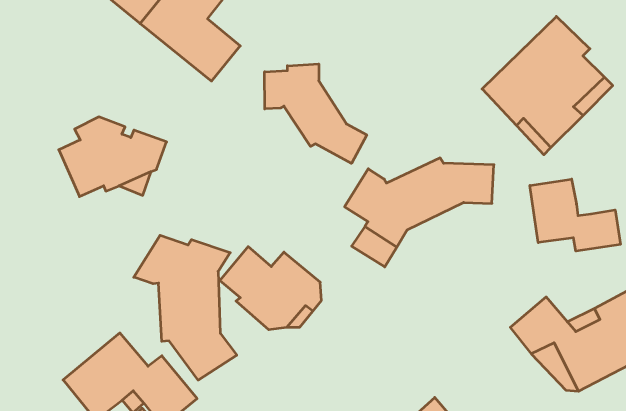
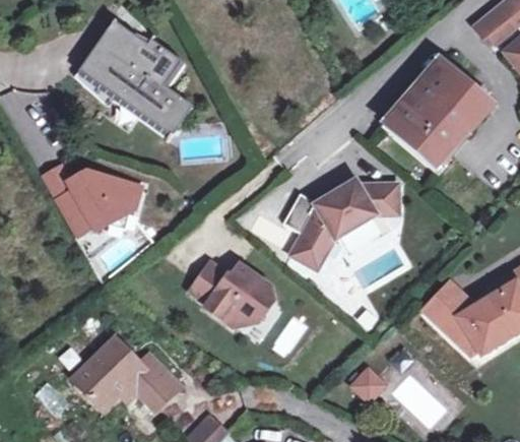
building: [265,64,367,163] -> none
building: [530,179,620,251] -> none
building: [134,235,237,380] -> none

